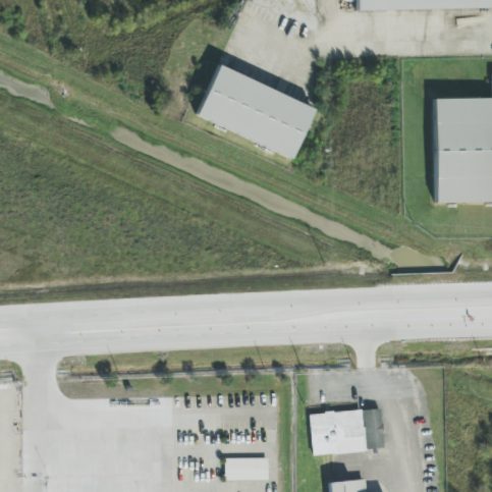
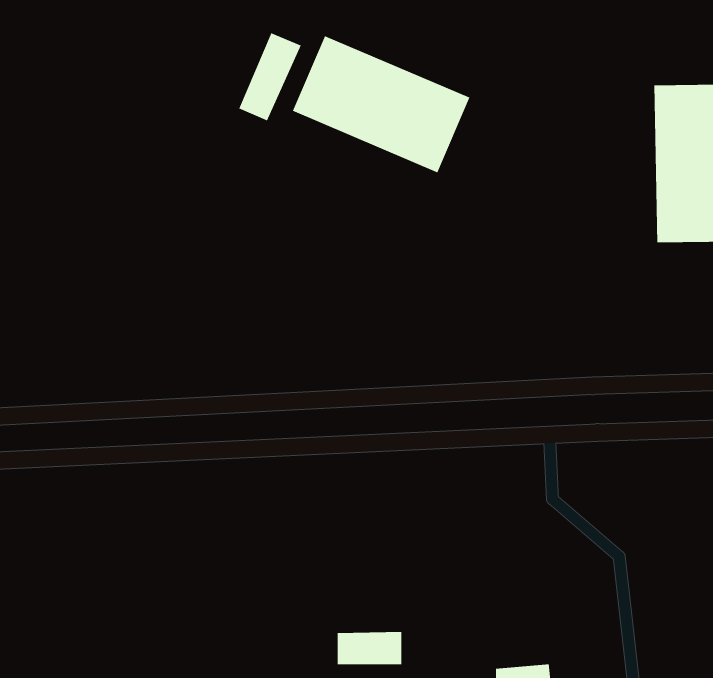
building: none -> [238,32,302,122]
building: [310,408,384,454] -> none

